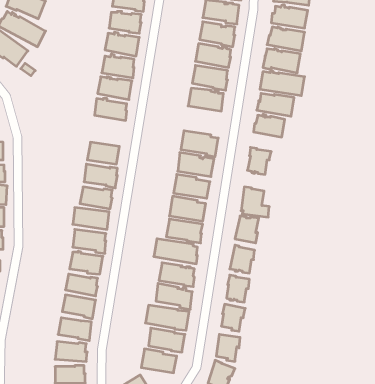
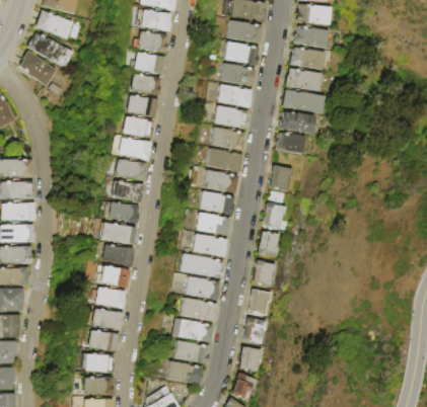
building: none -> [209,127,243,151]
building: none -> [118,138,150,159]

